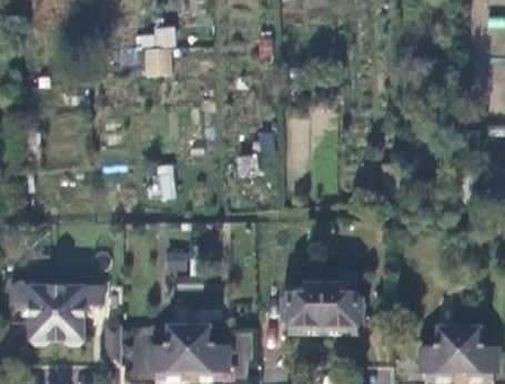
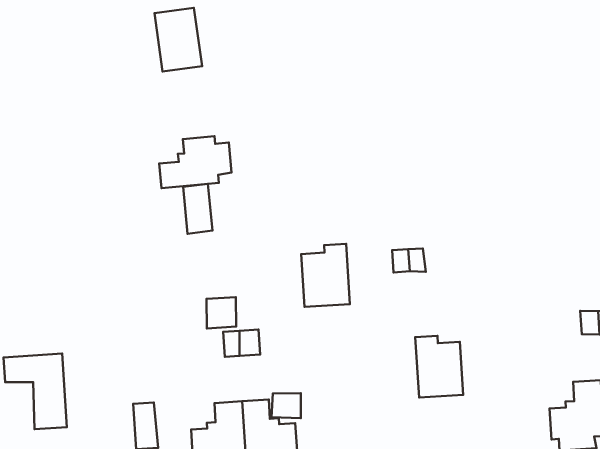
building: none -> [159,136,231,188]
building: [57,282,99,338] -> none
building: [289,286,323,332] -> [301,244,350,307]

